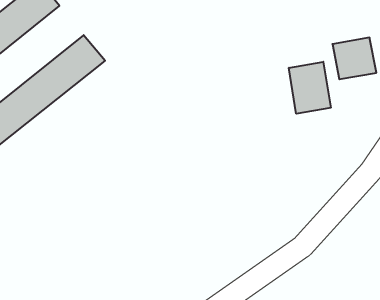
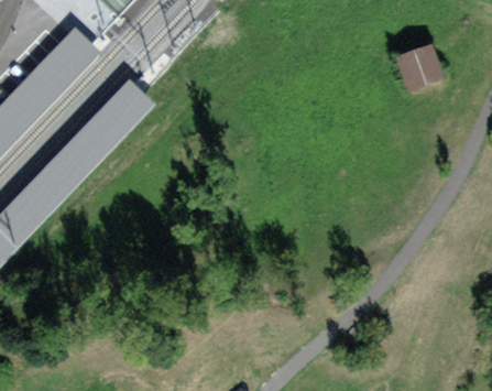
building: [289,62,331,114] -> none

